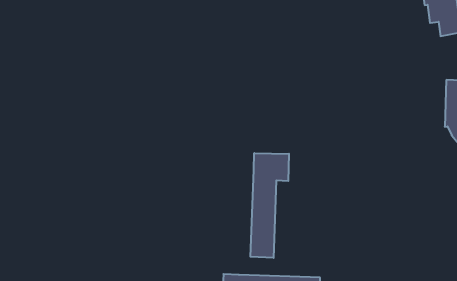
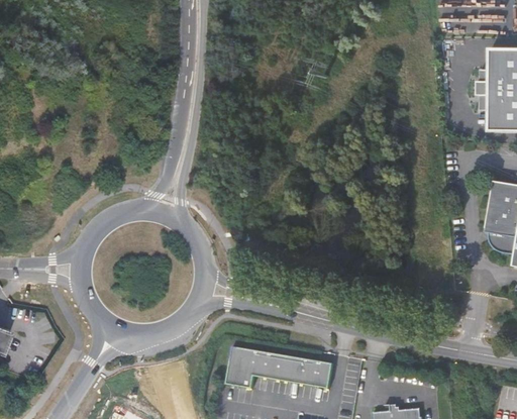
building: [250,153,289,258] -> none

